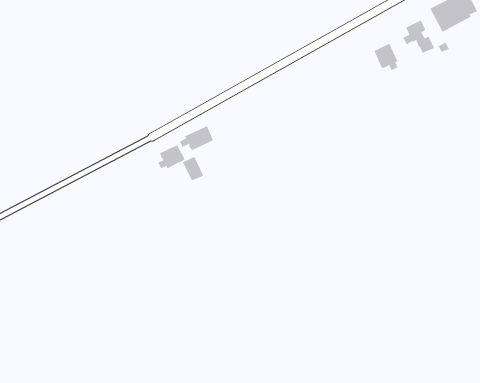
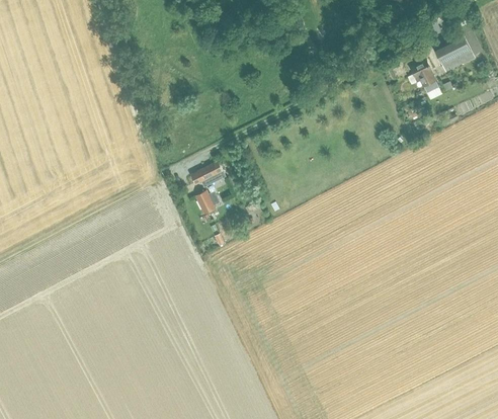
building: [374,43,398,71] -> none
building: [157,144,186,169] -> none

